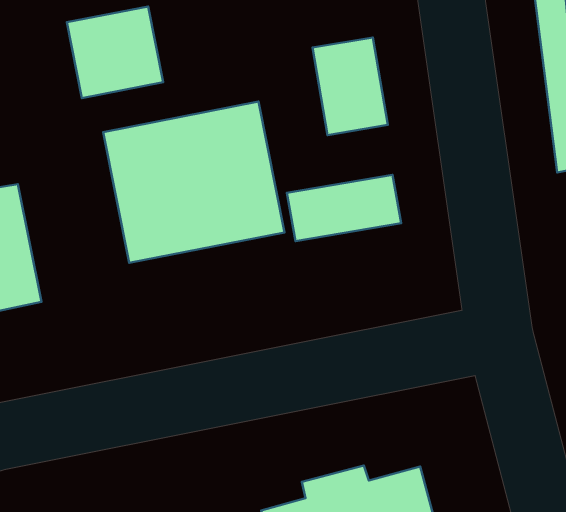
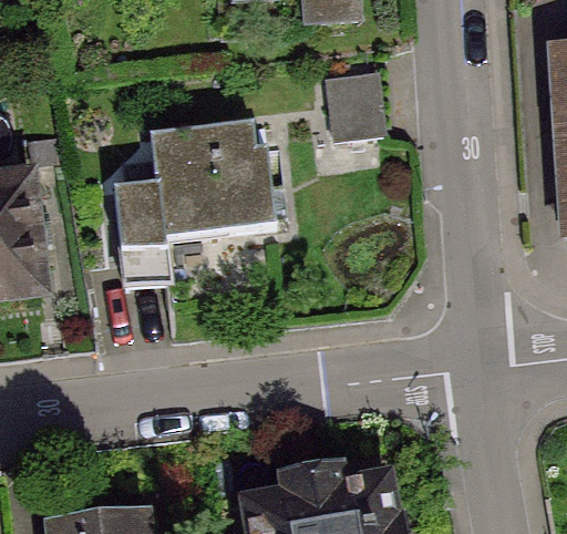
building: [67,6,163,98] -> none
building: [287,175,401,241] -> none

